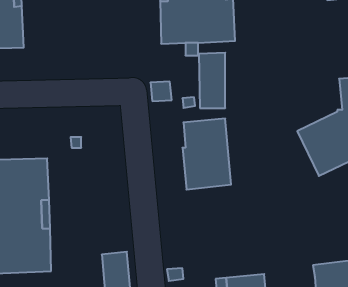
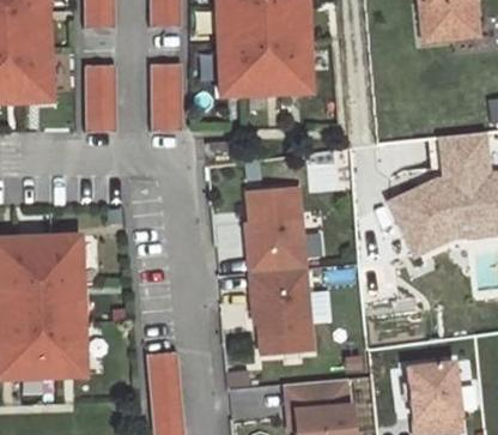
building: none -> [86,64,117,132]
building: [199,53,225,108] -> [151,62,183,131]
building: none -> [251,268,314,356]

